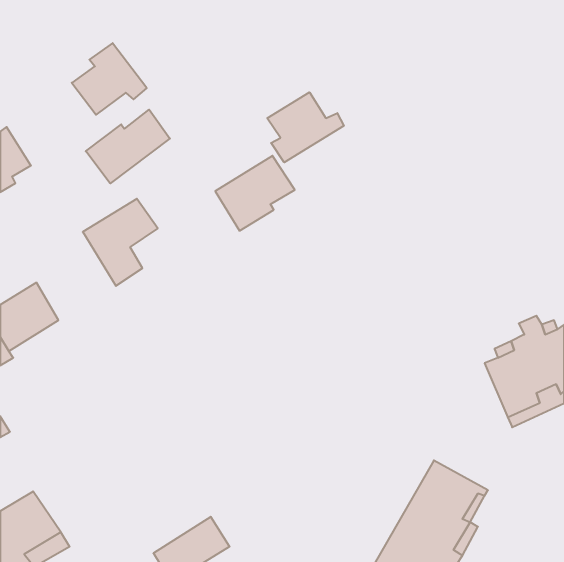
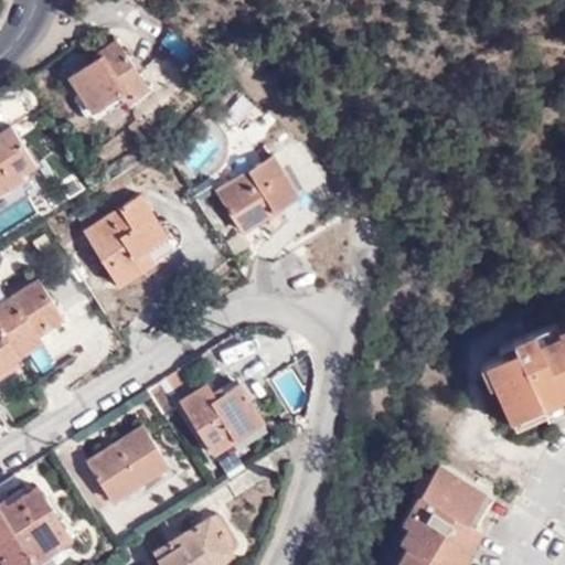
building: [267,92,344,162] -> none
building: [86,110,170,183] -> none
building: none -> [181,384,266,455]
building: none -> [87,425,172,503]

